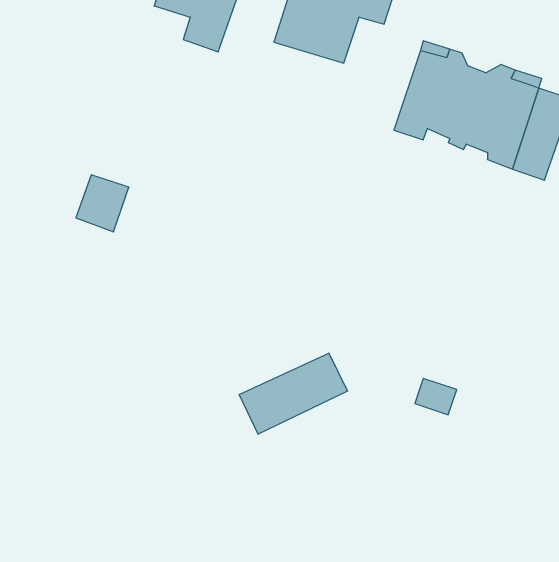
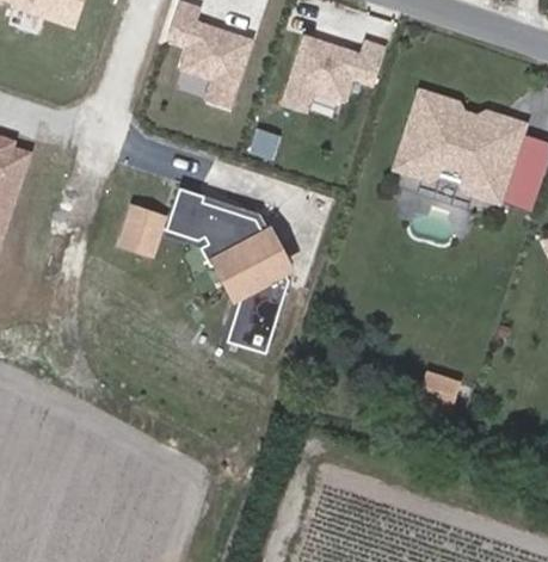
building: none -> [165,187,283,356]
building: [239,353,347,434] -> none

